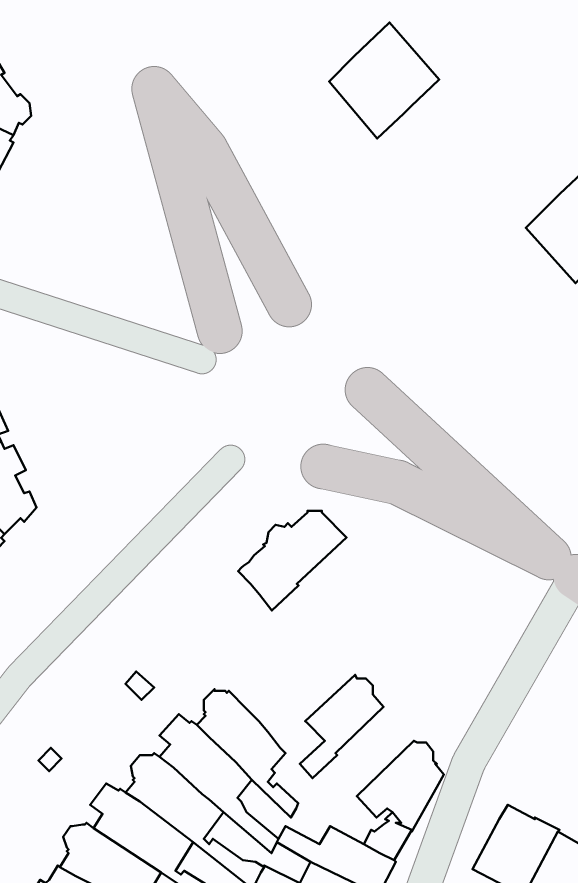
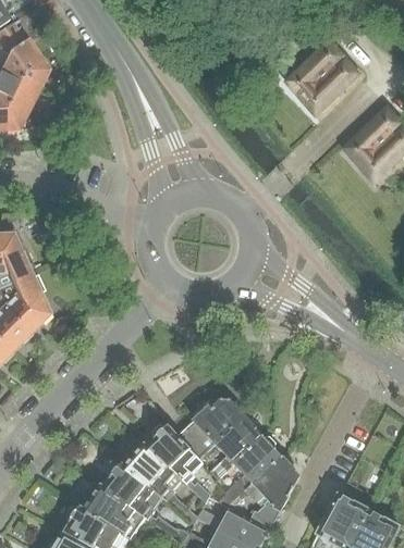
building: [329,23,439,138] -> [292,40,359,111]
building: [238,511,347,610] -> [179,400,245,461]
building: none -> [218,436,281,508]

